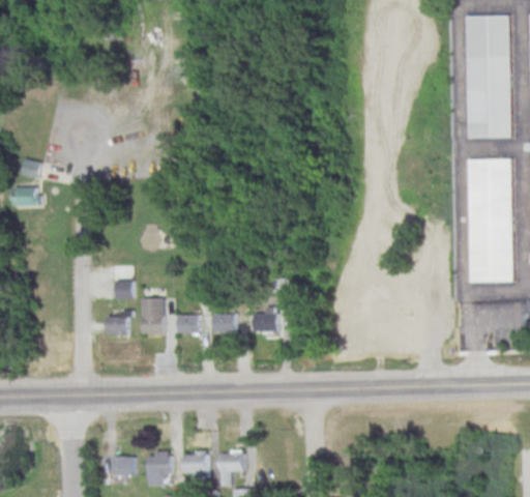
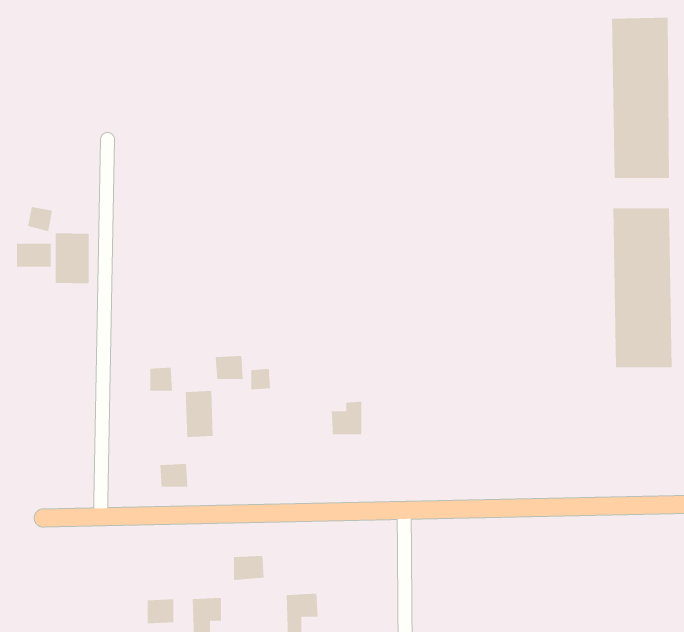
building: none -> [55,233,89,284]
building: [213,314,235,332] -> none
building: [177,315,199,333] -> [215,355,244,380]
building: [106,317,127,335] -> [160,463,188,488]
building: [183,455,207,474] -> [233,555,264,581]

